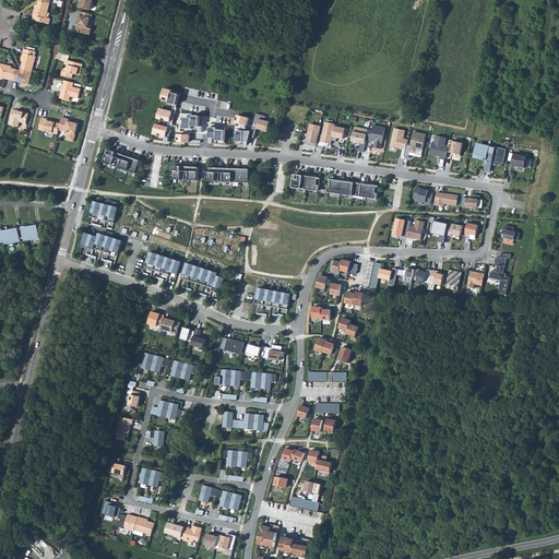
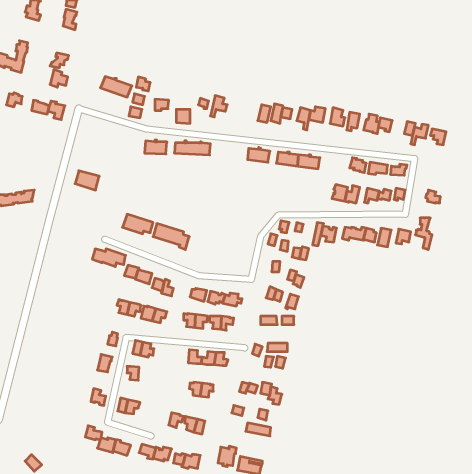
building: [102,150,139,174] -> [100,77,132,97]
building: [81,234,120,254] -> [92,249,126,267]
building: [253,288,289,310] -> none

